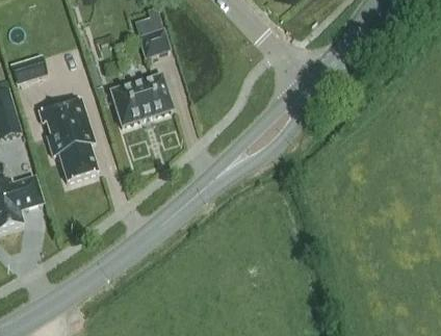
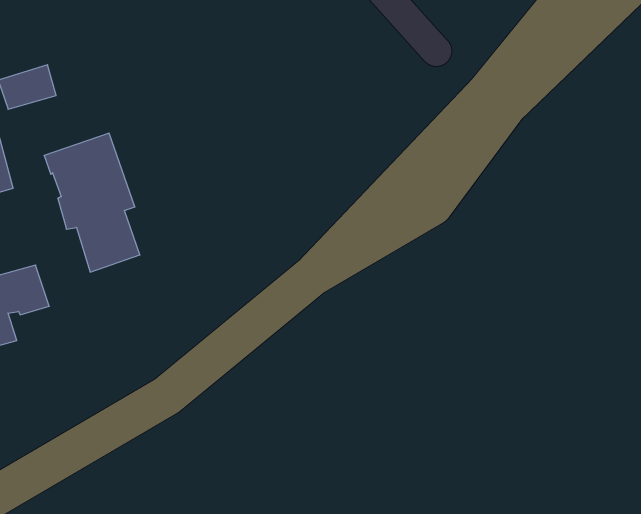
building: [137,22,170,57] -> none
building: [110,73,173,124] -> none

